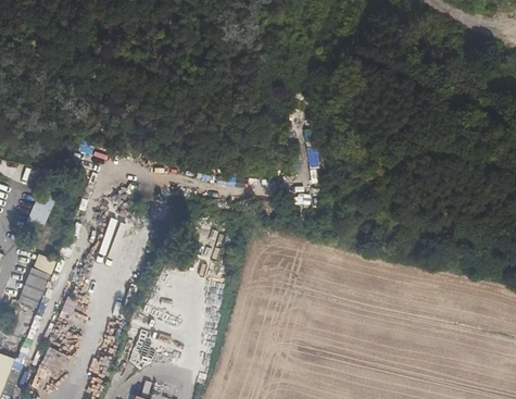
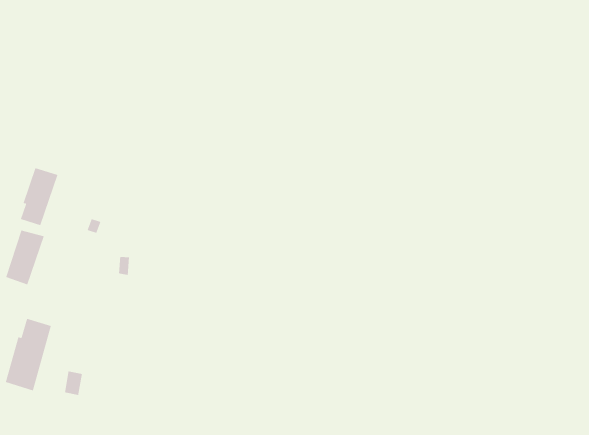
building: none -> [20,167,58,226]

